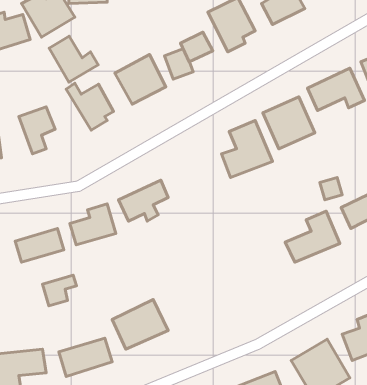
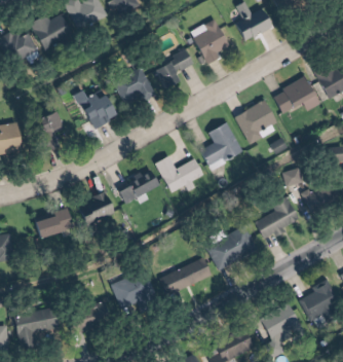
building: [49,36,98,82] -> none
building: none -> [153,155,202,194]
building: none -> [205,225,257,270]
building: [42,275,76,306] -> none
building: none -> [158,259,211,295]

